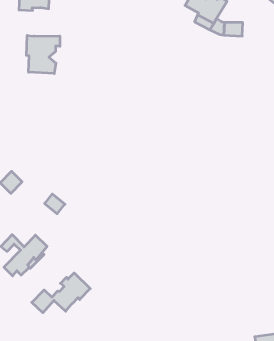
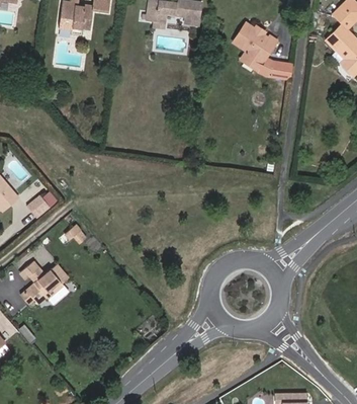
building: [26,35,60,74] -> none
building: [32,273,90,313] -> none

